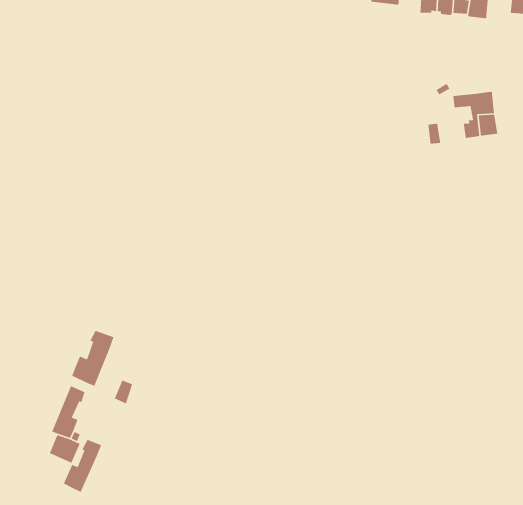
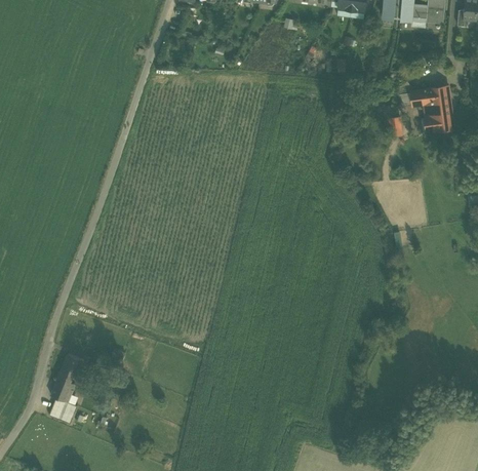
building: [71,330,115,387] -> none
building: [63,439,102,493] -> none

